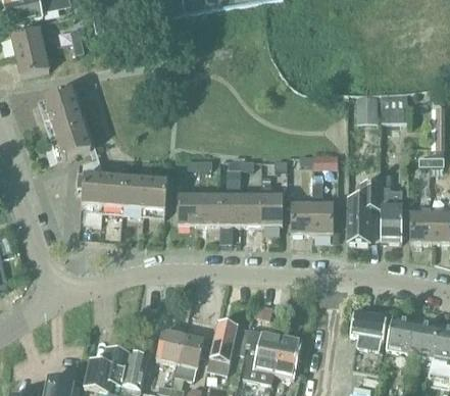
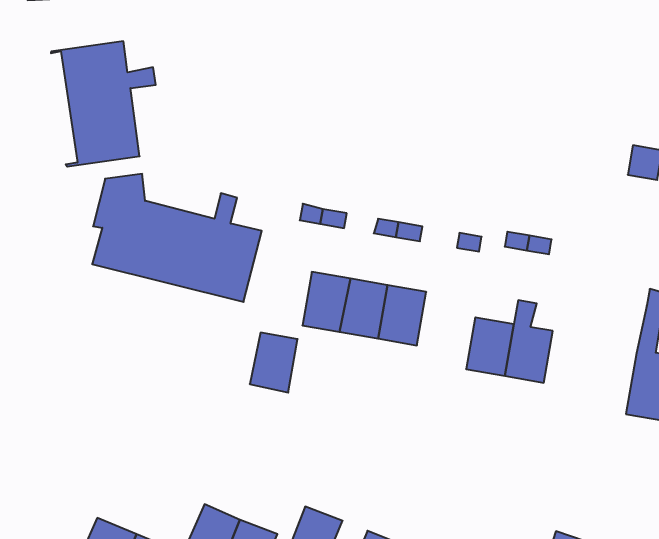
building: [347,181,381,240] -> none
building: [177,194,198,224] -> [250,333,298,393]
building: [261,194,282,224] -> none

